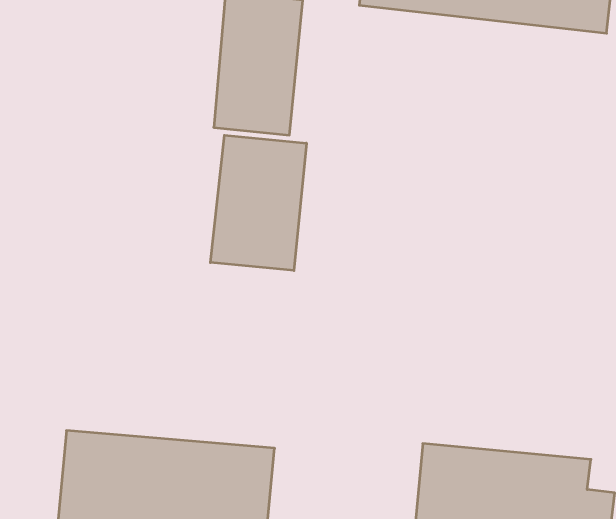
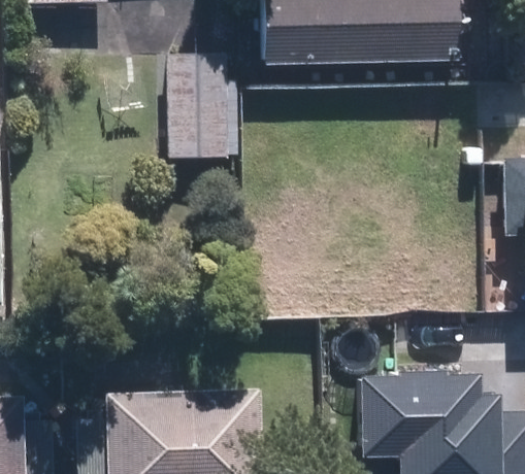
building: [210,135,306,271] -> none

